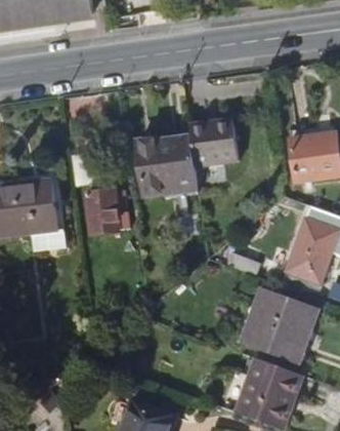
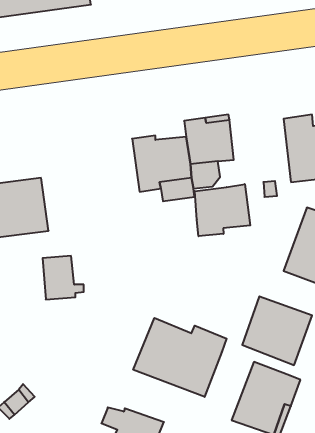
building: none -> [195,184,250,236]
building: [87,193,127,235] -> [43,256,84,299]
building: none -> [133,318,227,397]

